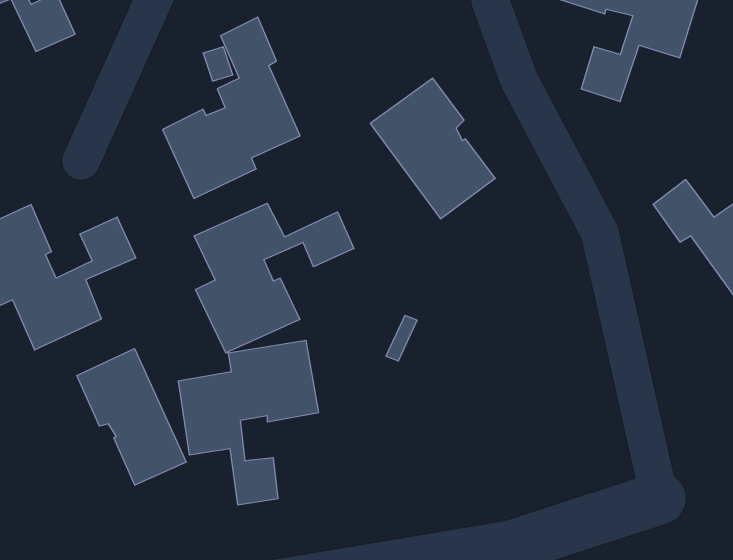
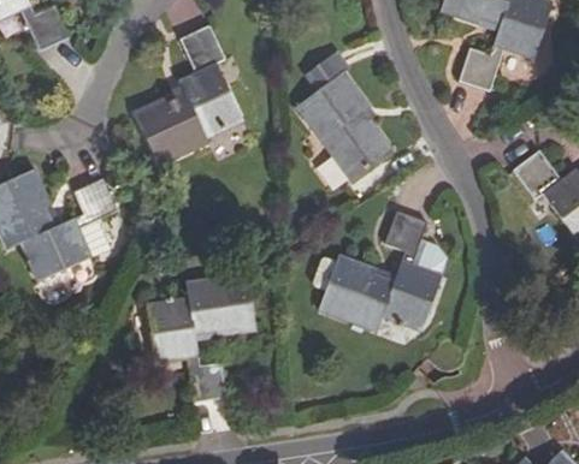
building: [194,203,354,353] -> none
building: none -> [319,213,447,329]
building: [77,349,186,485] -> none

